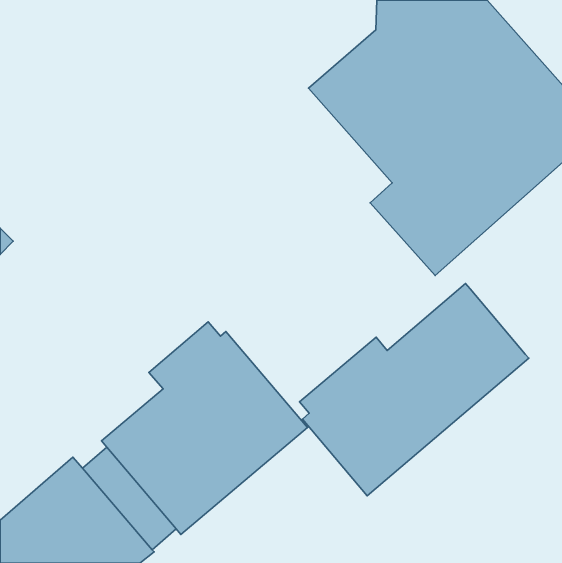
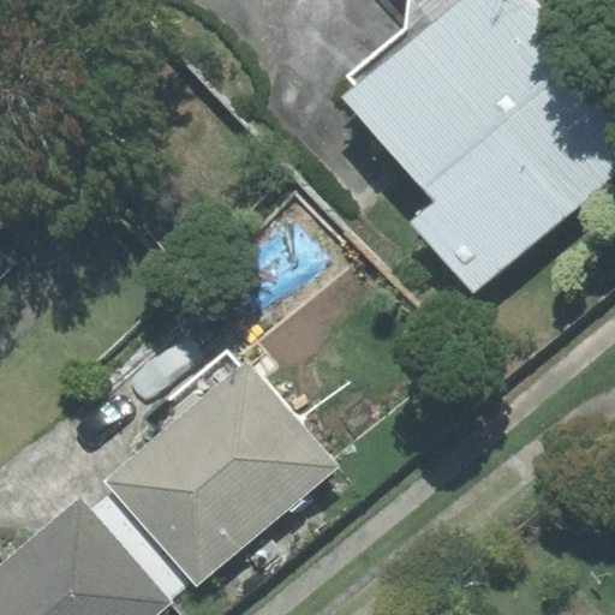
building: [300,284,529,496] -> none

